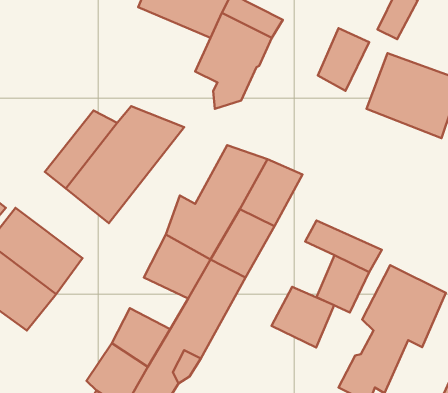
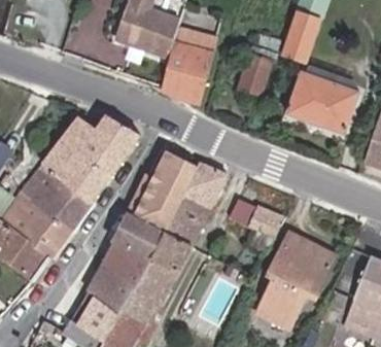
building: none -> [23,160,92,223]
building: none -> [107,238,150,276]
building: [271,287,334,347] -> none

